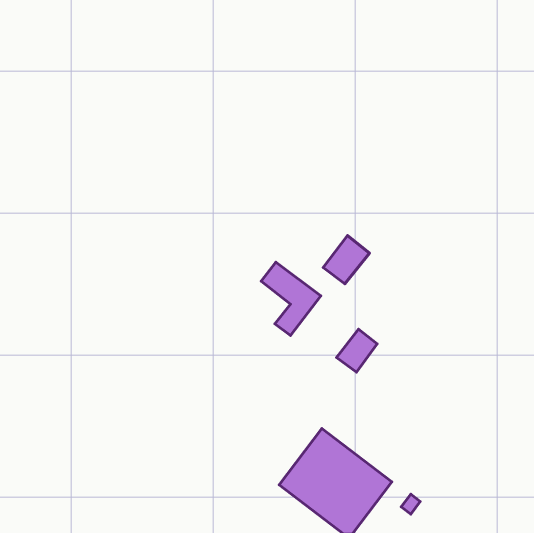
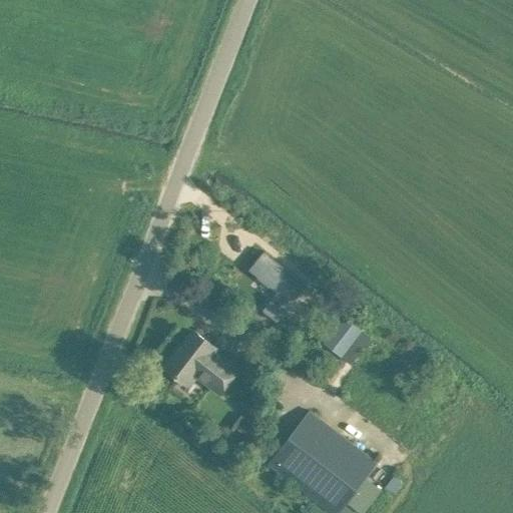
building: [323,235,370,284] -> none
building: none -> [163,332,236,393]

